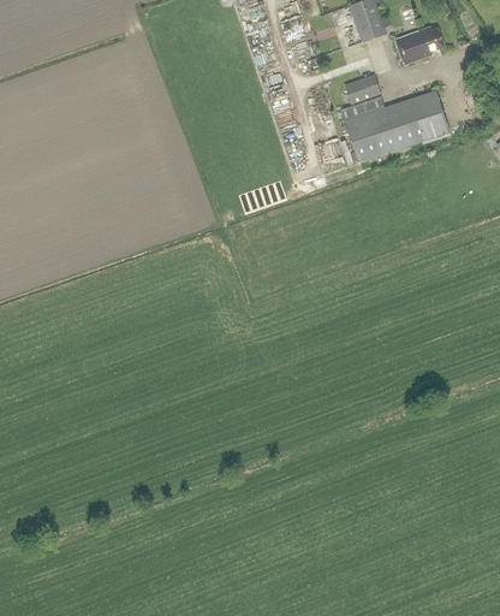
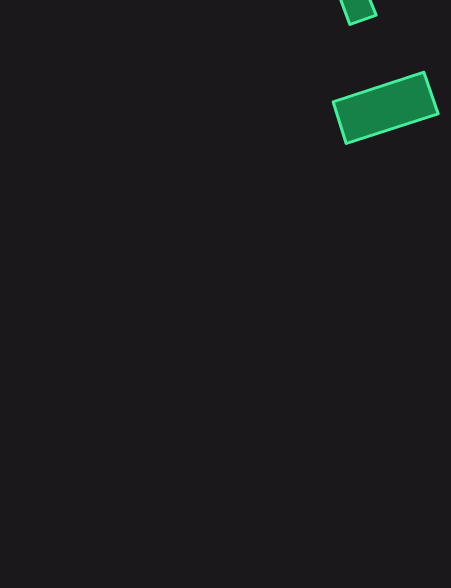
building: [394,28,442,65] -> none
building: [344,75,380,105] -> none

